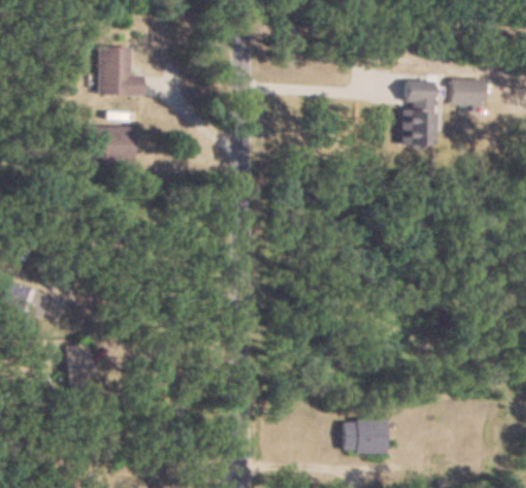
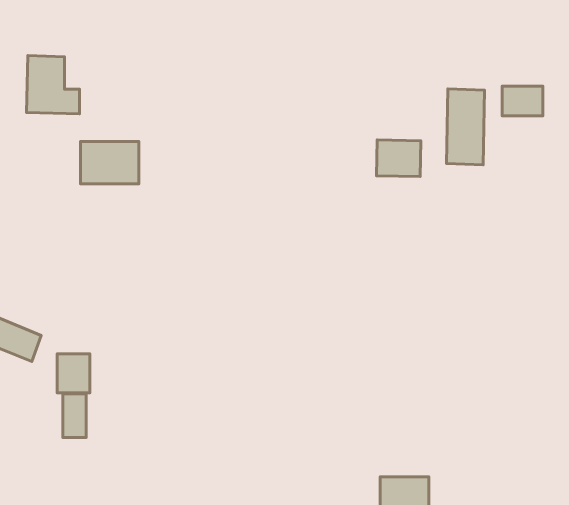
building: [97,46,143,97] -> [27,55,79,114]
building: none -> [376,140,421,177]
building: none -> [57,354,90,393]

